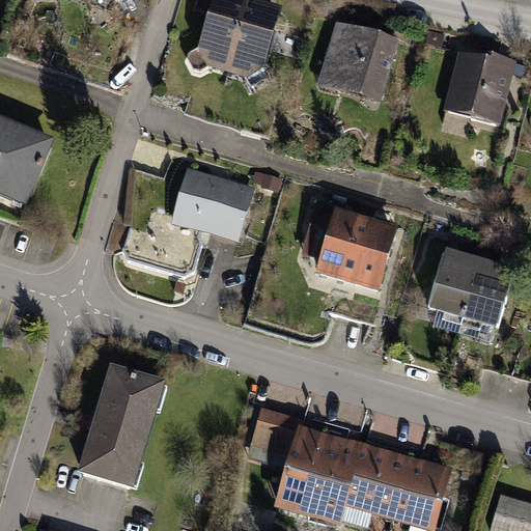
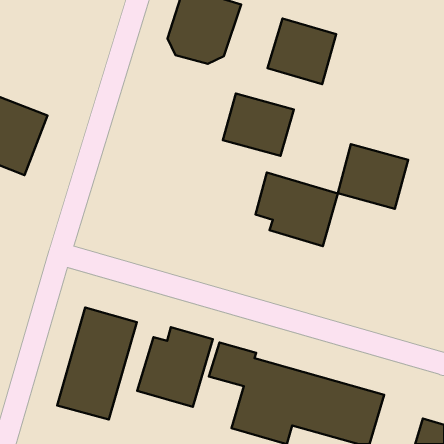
building: [443,52,514,123] -> none
building: [170,170,254,244] -> [223,94,294,156]
building: [432,250,515,327] -> [338,144,408,209]
building: none -> [137,327,213,407]

